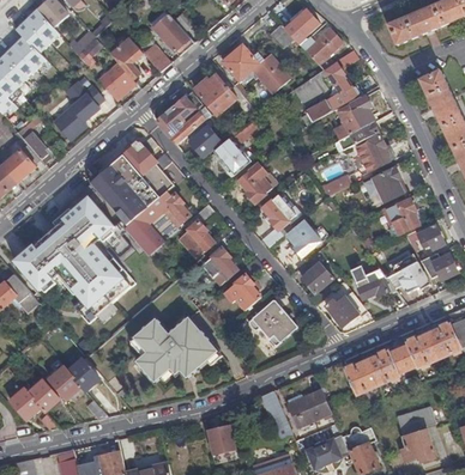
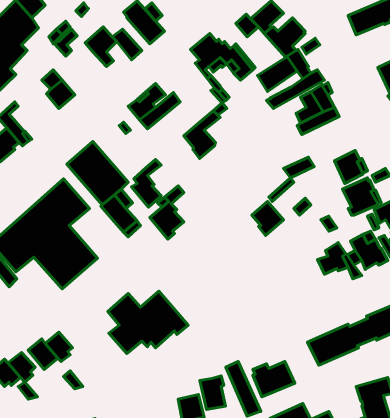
building: [98,63,134,99] -> none
building: [194,74,236,116] -> none
building: [52,108,85,142] -> none
building: [188,126,221,158] -> none
building: [356,135,394,170] -> none
building: [117,141,174,201] -> none
building: [237,162,274,203] -> none
building: [259,196,292,249] -> none
building: [201,231,237,285] -> none
building: [228,258,262,310] -> none
building: [300,262,332,293] -> none
building: [325,292,366,327] -> none
building: [247,300,297,345] -> none
building: none -> [200,376,226,409]

